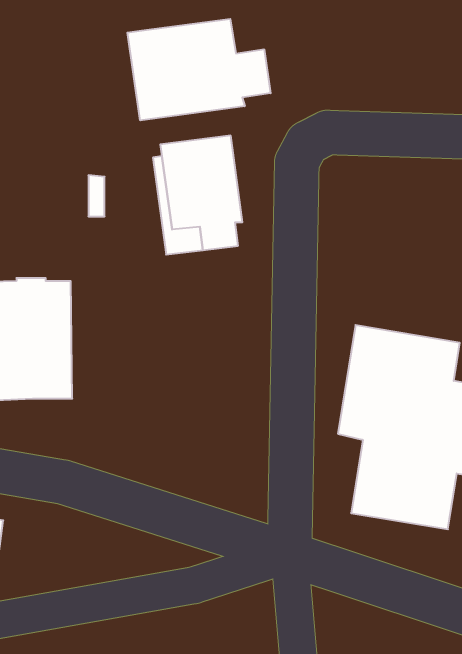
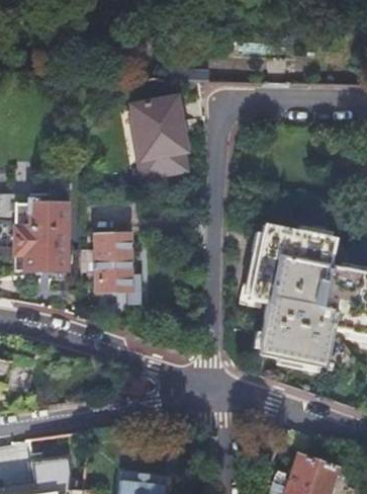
building: [127,19,271,120] -> none
building: none -> [95,231,133,291]

